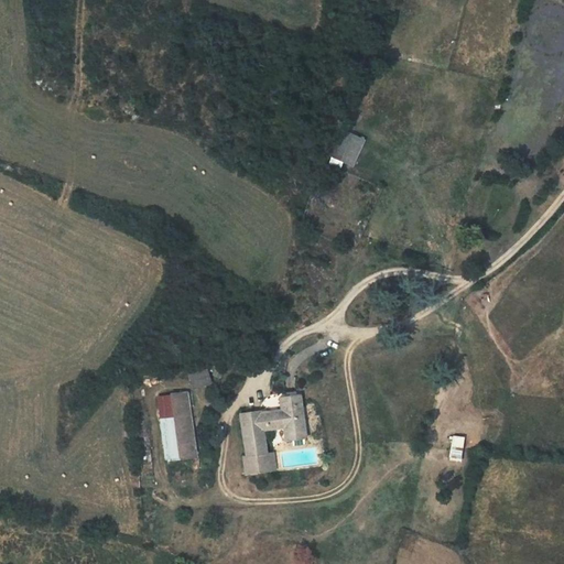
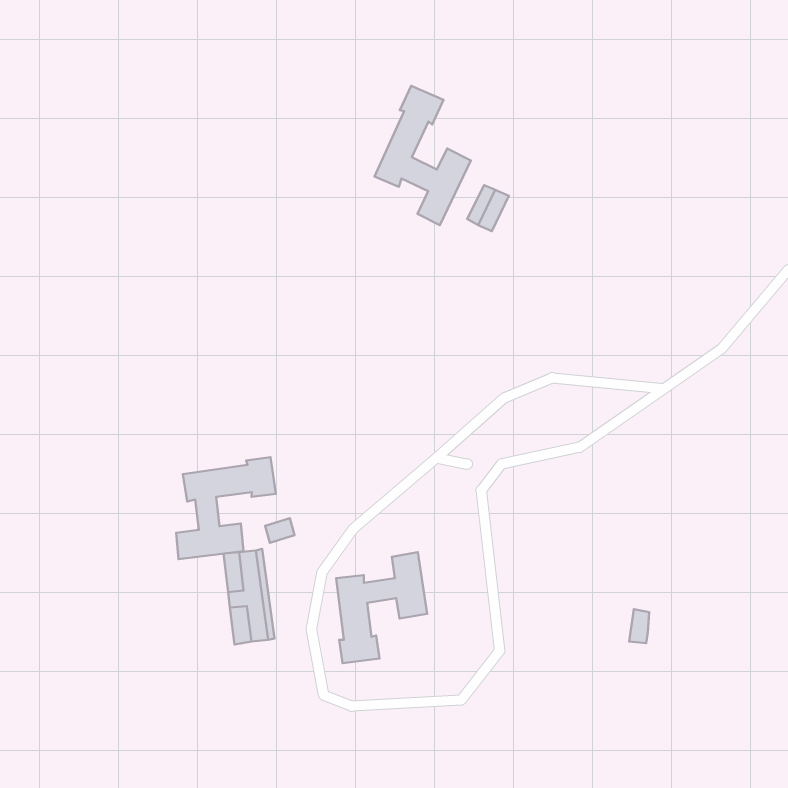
building: none -> [375,86,471,225]
building: none -> [176,457,276,559]

